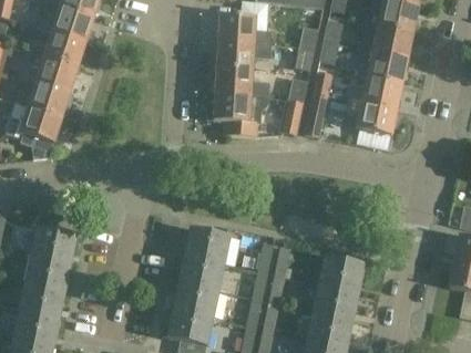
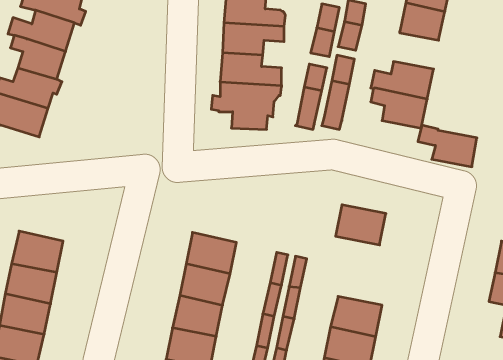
building: [355,48,407,84] -> [418,125,477,167]
building: [318,257,362,292] -> [336,205,386,245]

